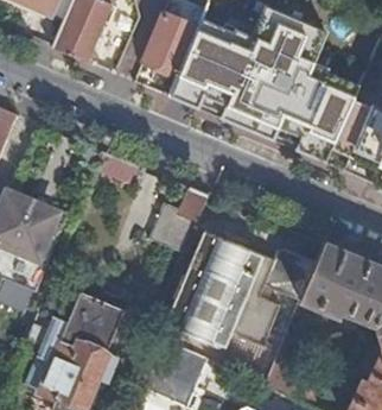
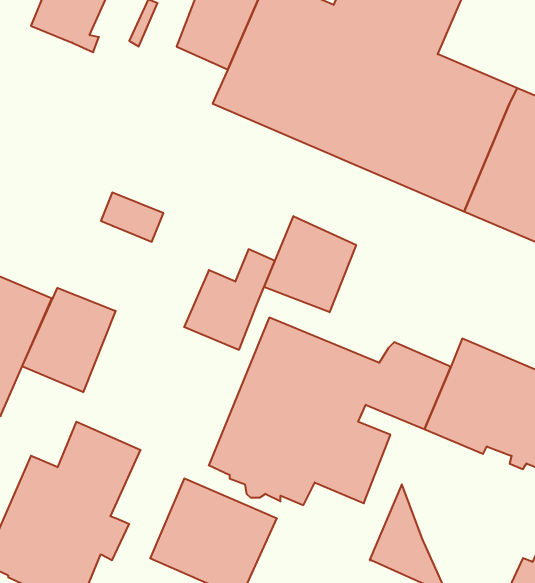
building: none -> [264,216,356,312]
building: none -> [22,288,116,392]

